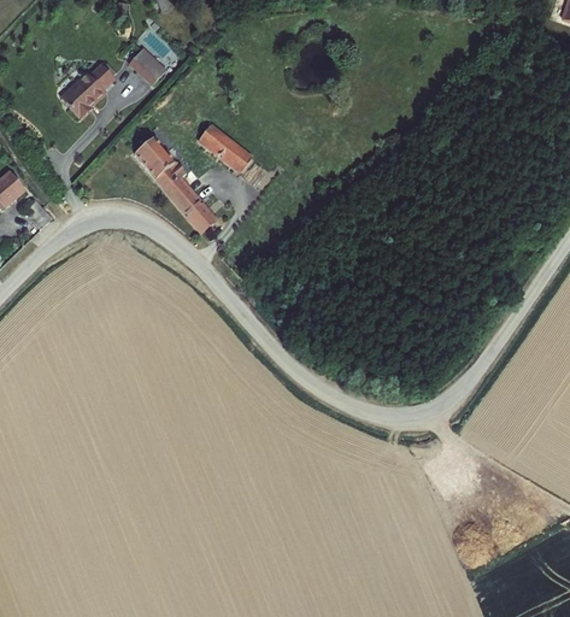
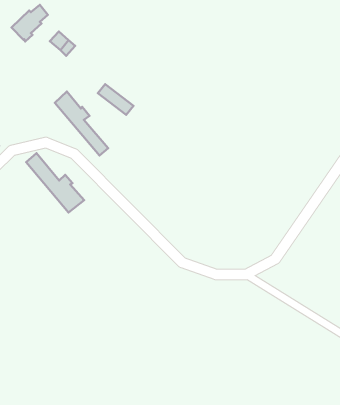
building: [60,64,114,118] -> [11,5,48,41]
building: none -> [26,153,84,212]

